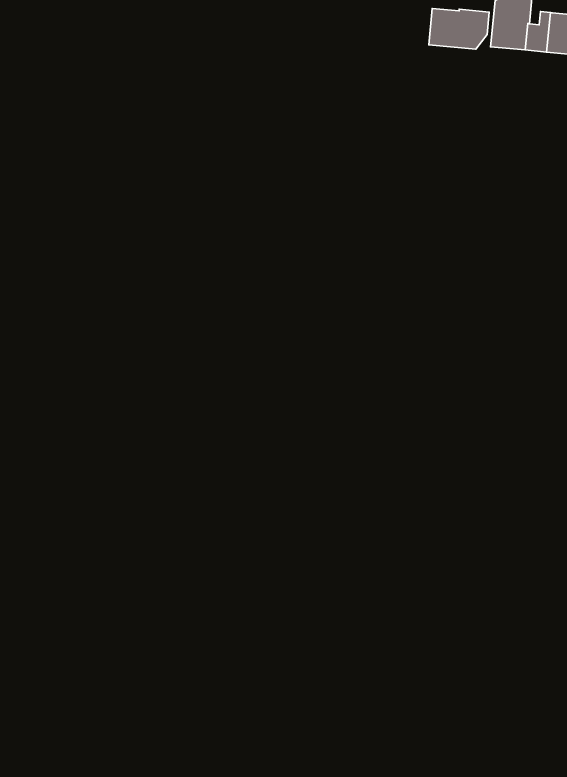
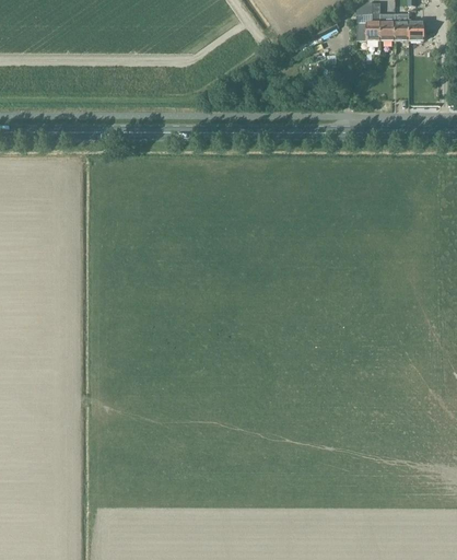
building: [429,8,489,49] -> none

